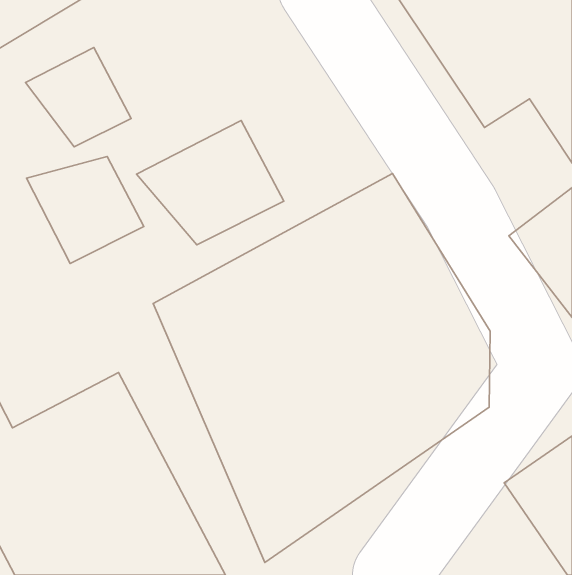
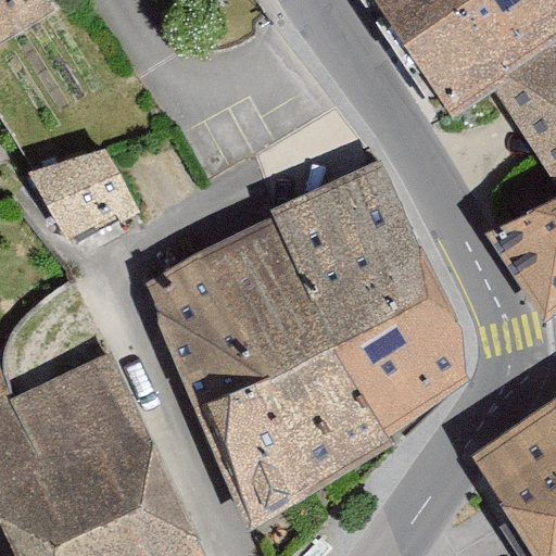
building: [25,47,131,147] -> none
building: [137,120,284,245] -> none

